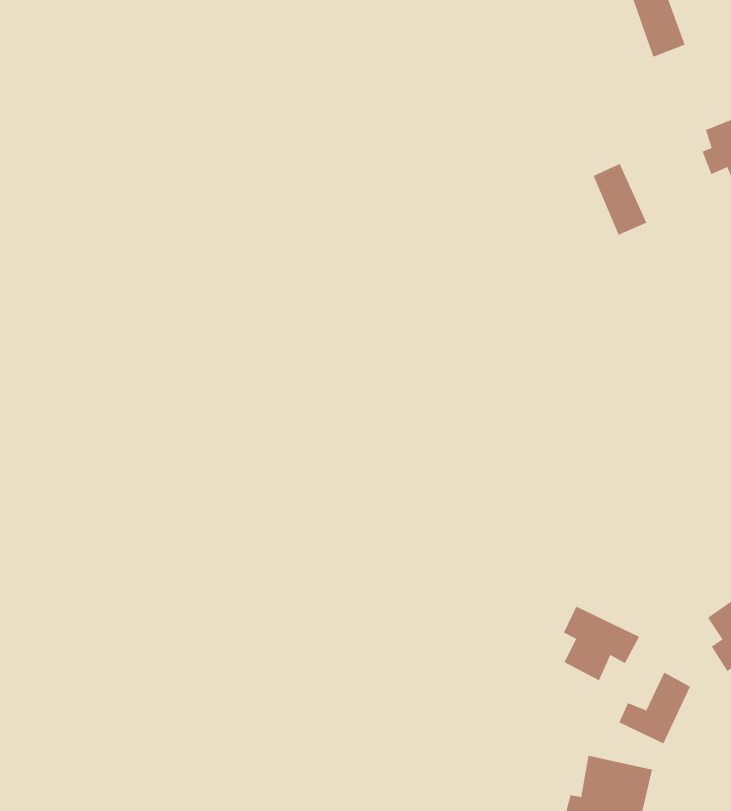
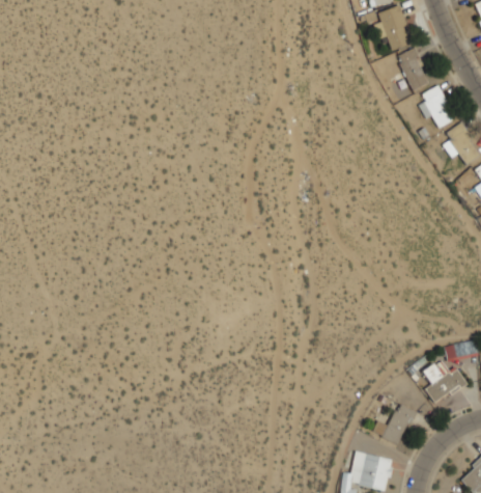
building: [593,163,647,236] -> [398,49,429,90]
building: [563,606,640,681] -> none

